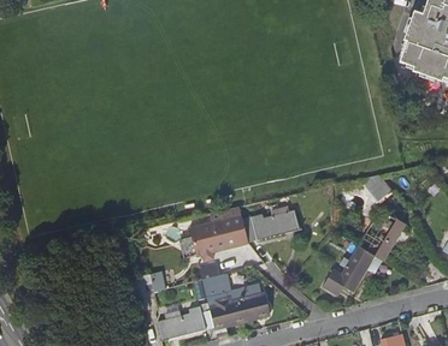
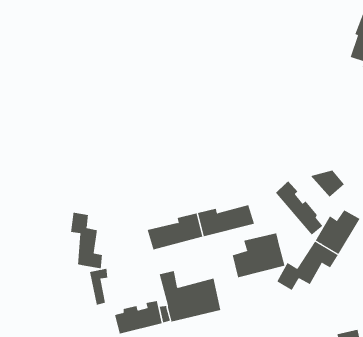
building: none -> [274,180,323,236]
building: none -> [70,212,102,269]
building: none -> [232,232,285,278]

